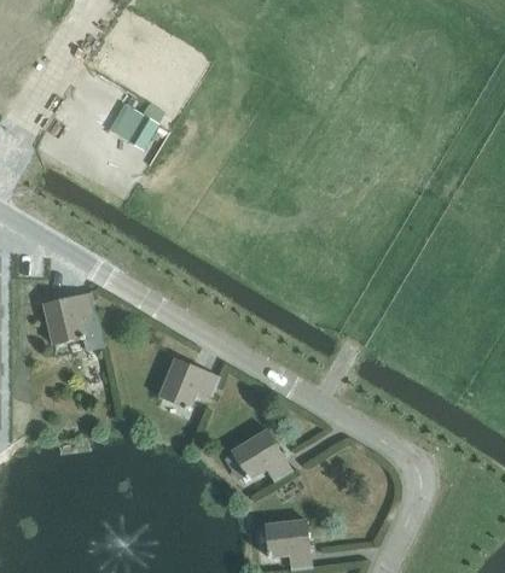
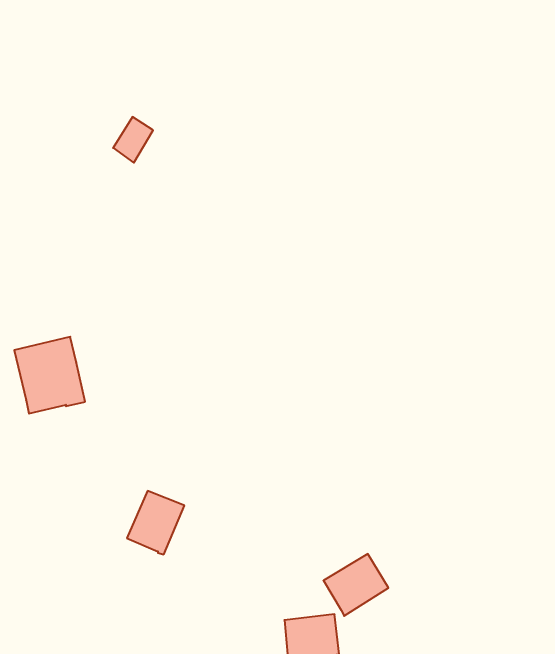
building: [159,357,207,409] -> [127,491,184,554]
building: [232,428,285,479] -> [323,554,388,616]

